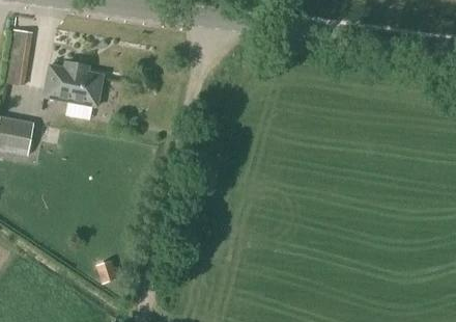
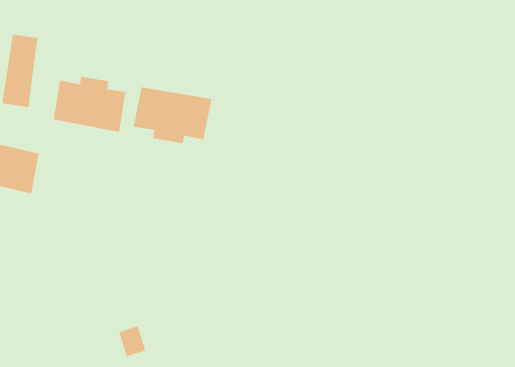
building: none -> [133,87,212,144]

